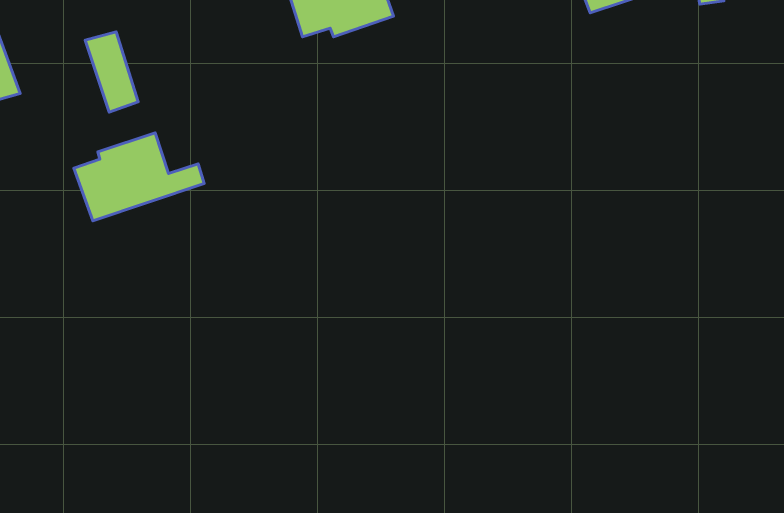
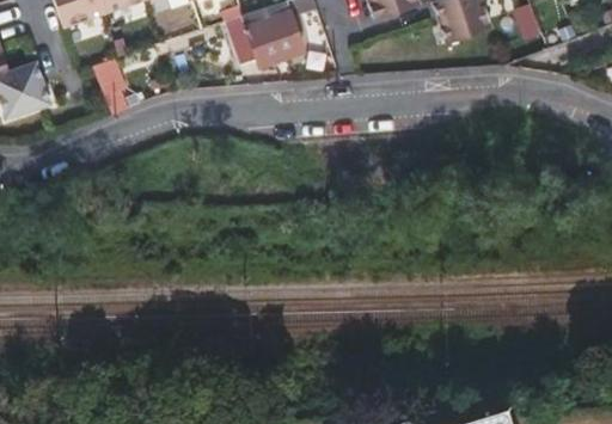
building: [74,133,204,221] -> none

